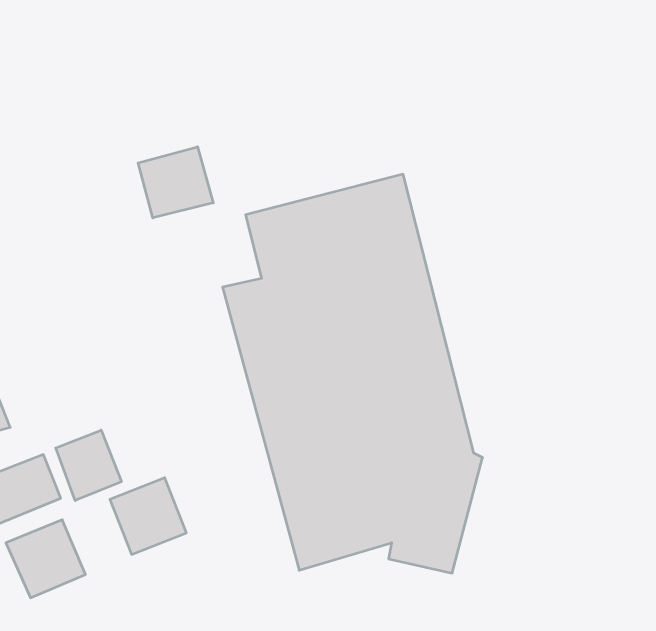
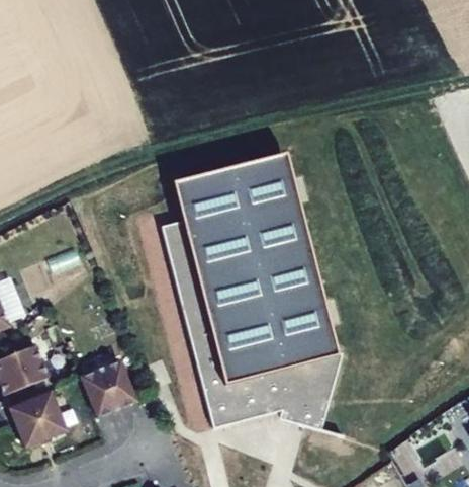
building: [138,147,213,218] -> none
building: [56,430,121,501] -> none

